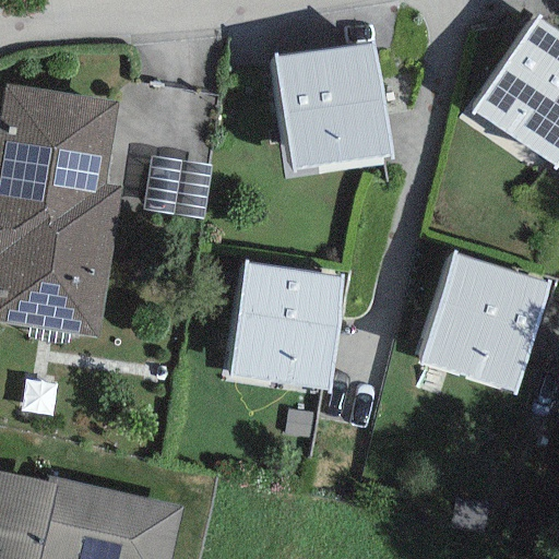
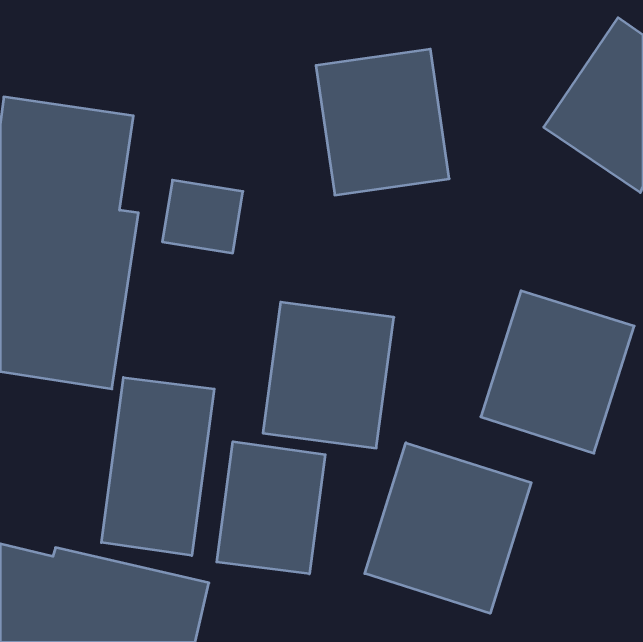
building: none -> [101,377,214,556]
building: none -> [217,442,325,574]
building: none -> [365,443,531,613]

